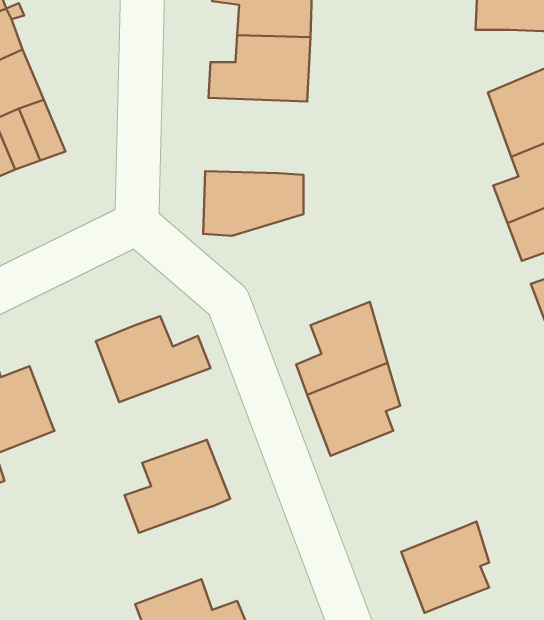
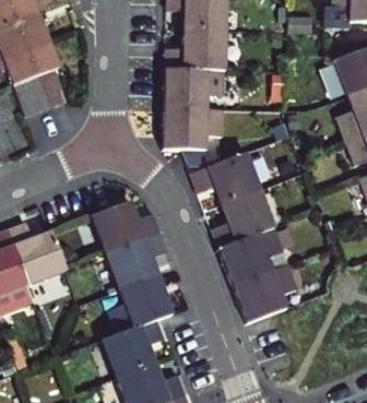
building: none -> [158,67,221,112]
building: none -> [192,153,259,205]
building: none -> [106,232,168,289]
building: none -> [103,318,165,376]
building: [401,521,489,613] -> [235,266,288,322]

